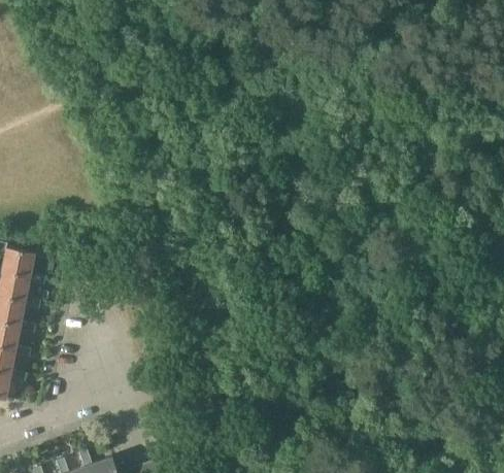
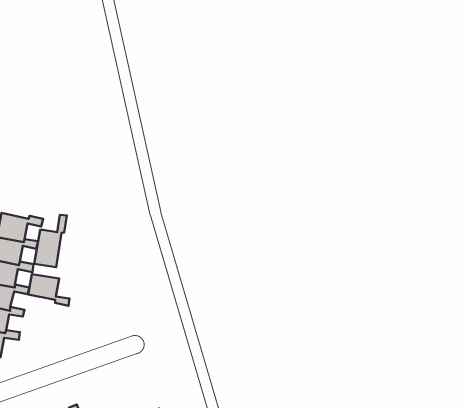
building: none -> [34,215,67,267]
building: none -> [28,274,69,306]

